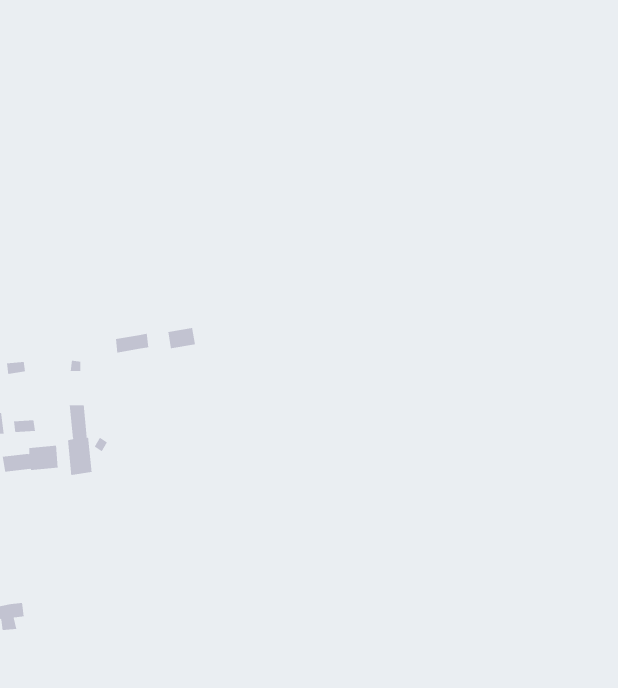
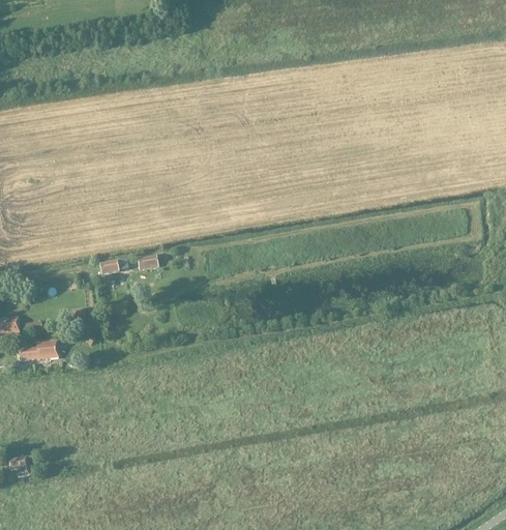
building: [67,405,92,476] -> none

